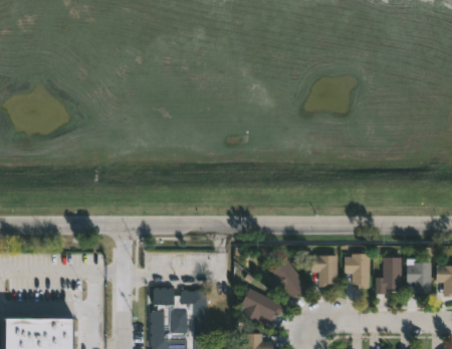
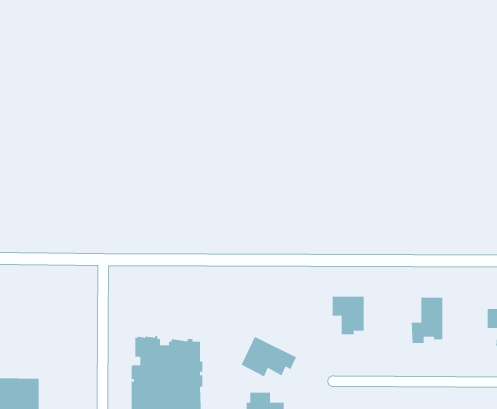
building: [345,253,369,288] -> none
building: [269,260,309,299] -> none
building: [407,263,431,297] -> none

